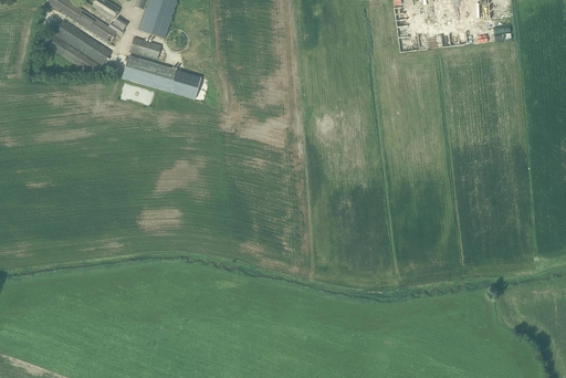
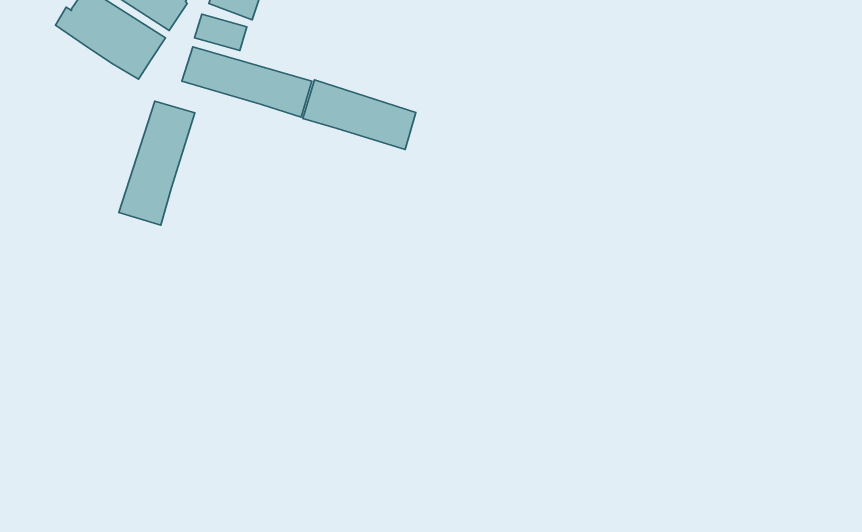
building: none -> [303,80,416,150]
building: none -> [119,101,195,225]

